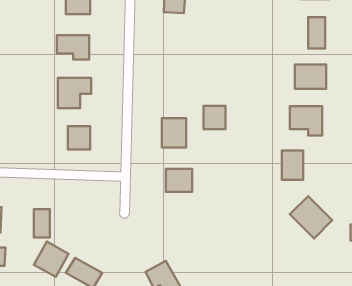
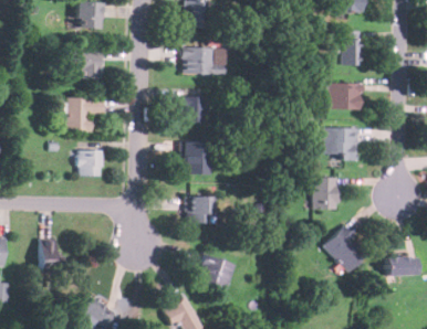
building: none -> [183,47,226,74]
building: [203,106,226,129] -> [180,96,205,121]
building: none -> [198,255,233,288]
building: [34,242,69,277] -> none

